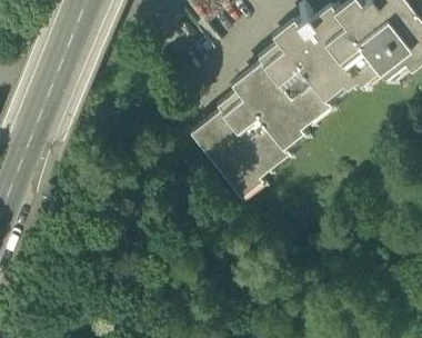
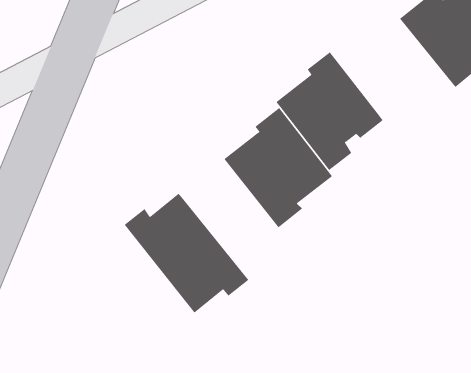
building: [280,11,381,103] -> none
building: none -> [124,193,249,313]

